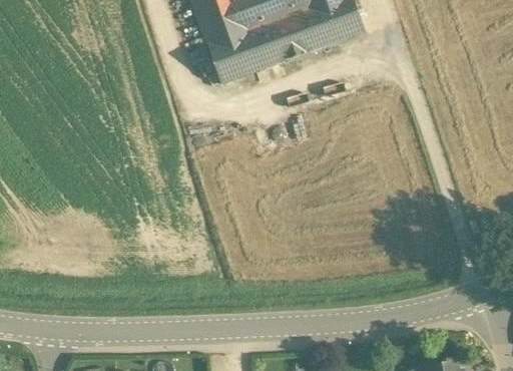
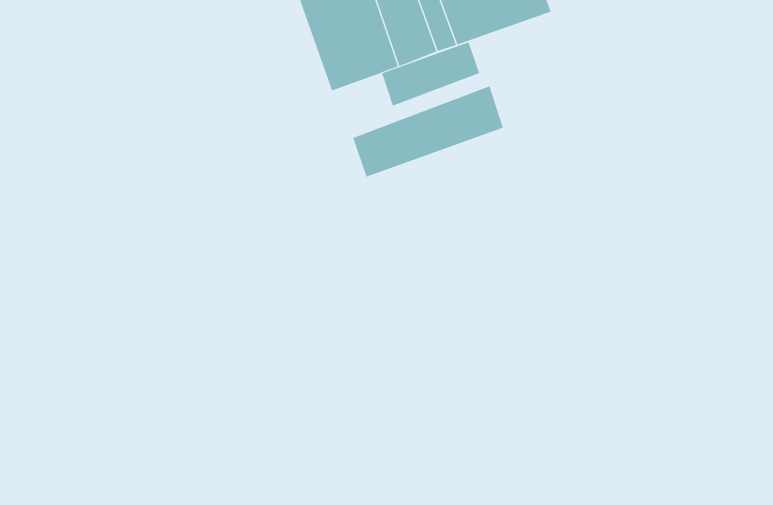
building: none -> [382,42,480,107]
building: none -> [352,86,503,177]

